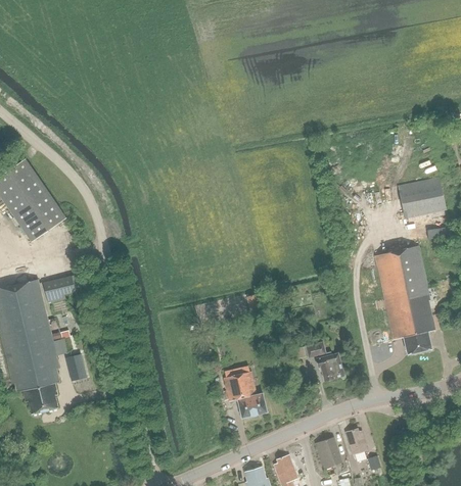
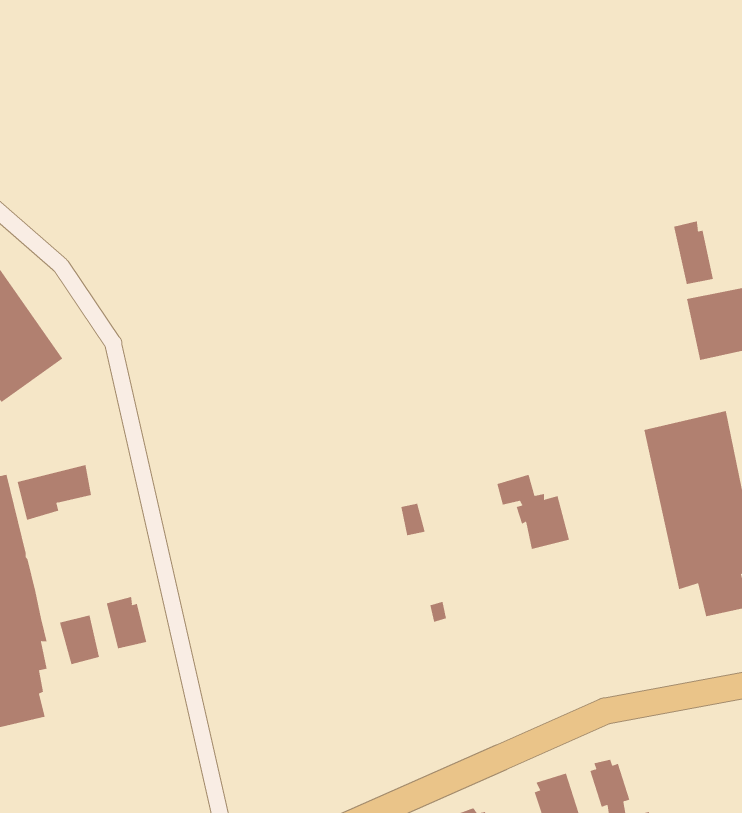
building: none -> [674,221,713,285]
building: [306,341,344,381] -> [497,474,570,549]
building: none -> [106,596,147,649]
building: [224,372,267,419] -> none

